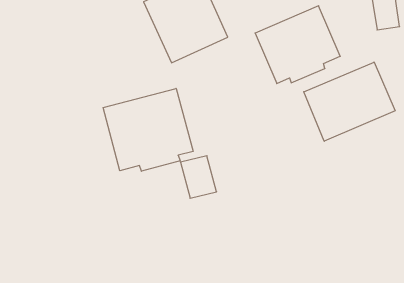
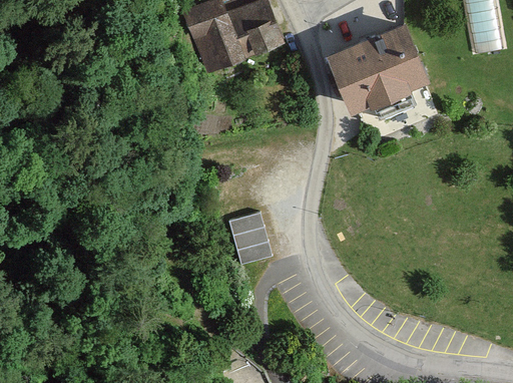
building: [304,62,395,141] -> none
building: [103,88,193,171] -> none

